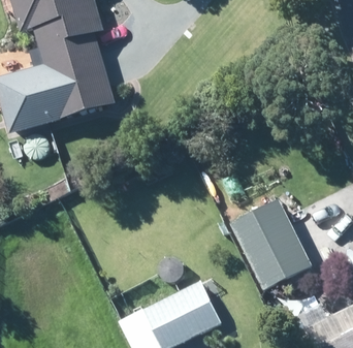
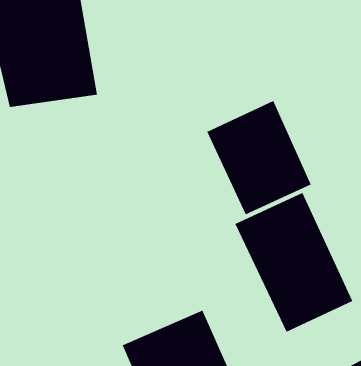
building: none -> [207,100,312,215]

